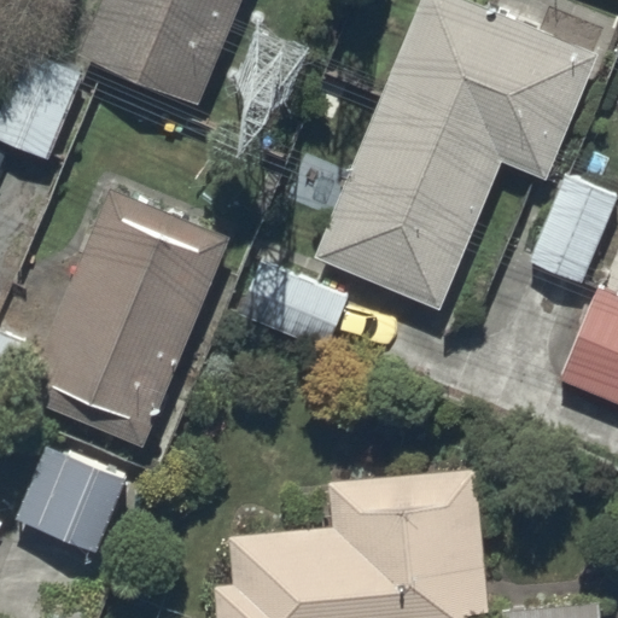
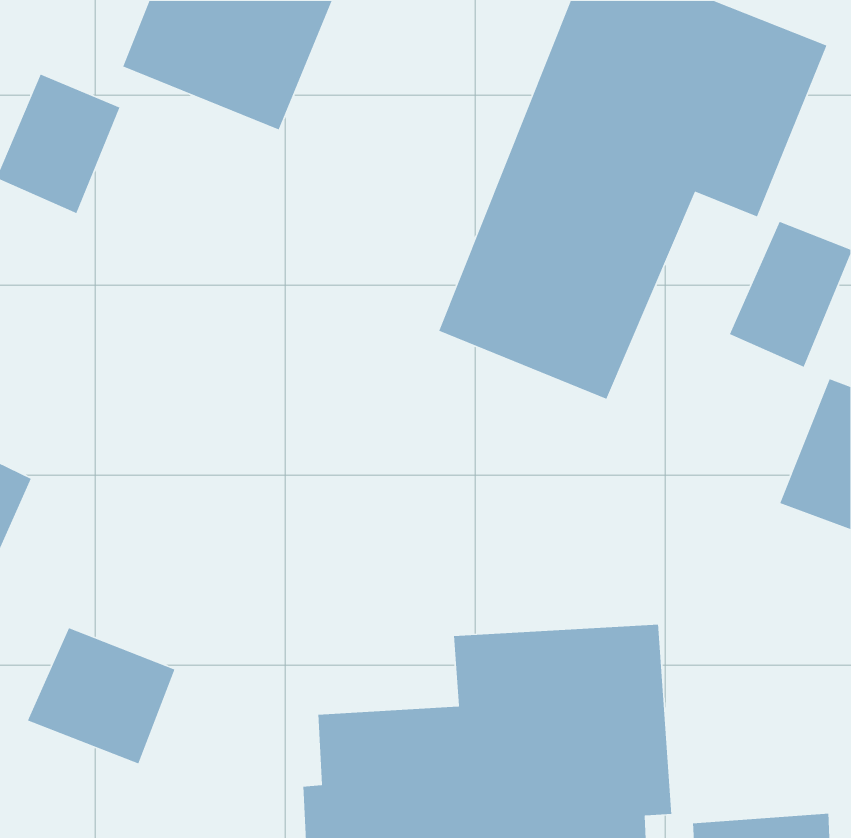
building: [30,214,234,467] -> none

